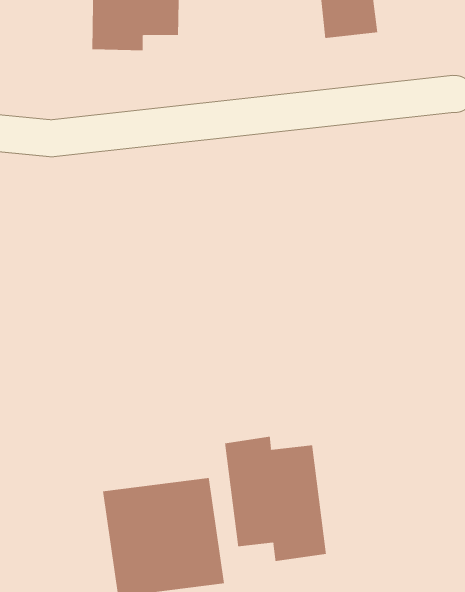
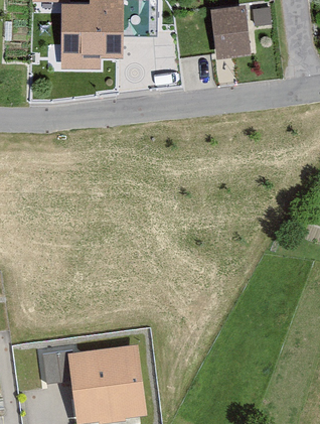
building: [225,436,327,562] -> none

